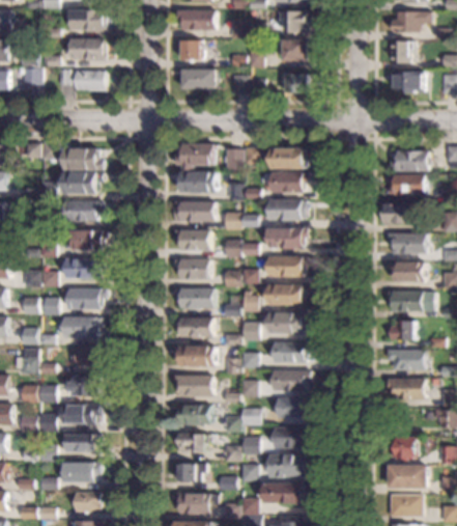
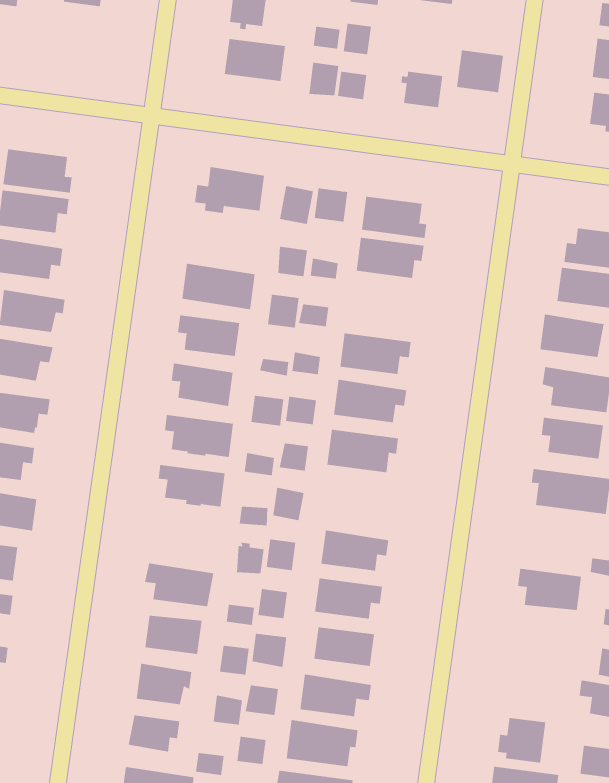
building: [283,39,308,61] -> [456,50,504,93]
building: [58,70,104,90] -> none
building: [179,171,216,192] -> none
building: [269,199,307,220] -> none
building: [269,313,309,333] -> none
building: [389,321,412,340] -> none
building: [175,345,216,366] -> none
building: [388,379,424,399] -> none

